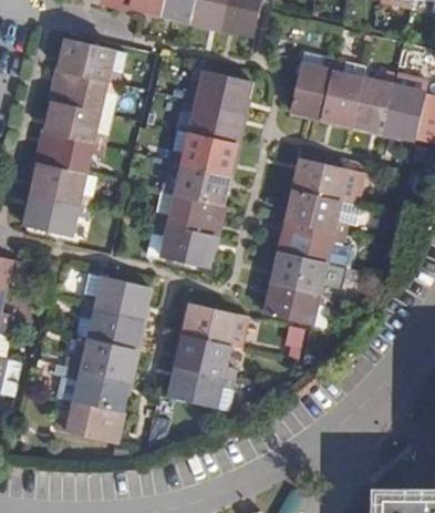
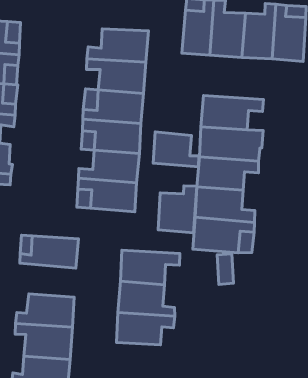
building: none -> [153,132,199,167]
building: none -> [158,186,197,233]
building: [79,302,139,347] -> none

